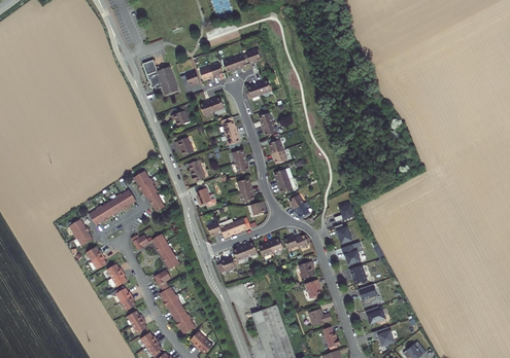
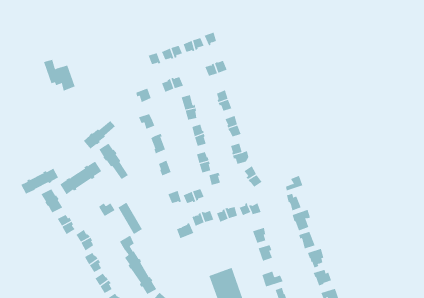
building: [142,61,177,96] -> [43,59,75,91]
building: none -> [83,120,116,149]
building: none -> [21,168,59,194]

